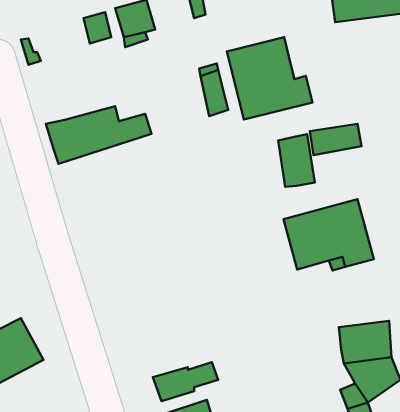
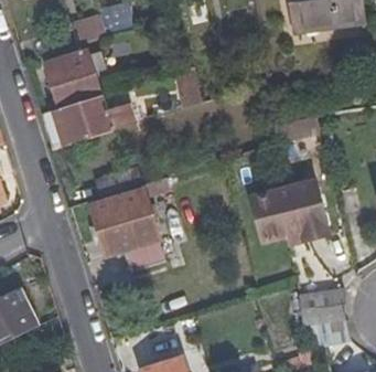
building: [227,37,313,120] -> none
building: none -> [46,54,103,111]
building: [278,134,315,187] -> none
building: none -> [93,178,169,273]

